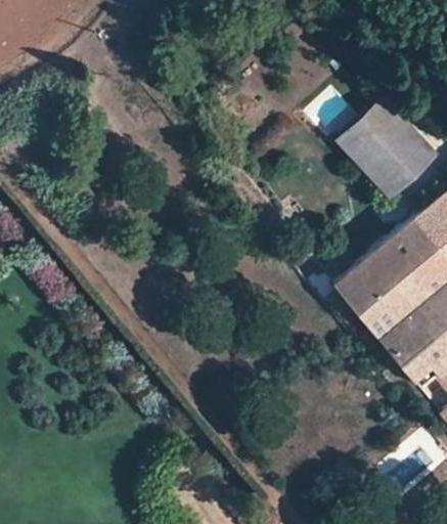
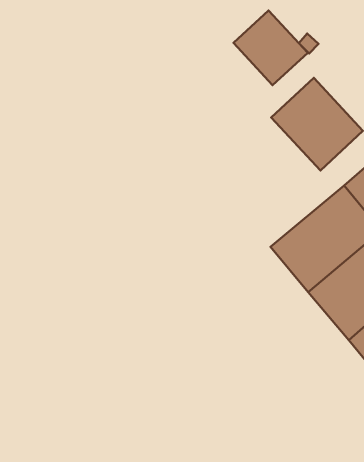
building: none -> [233,11,308,85]

